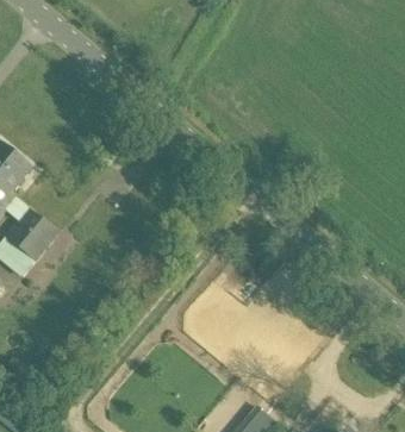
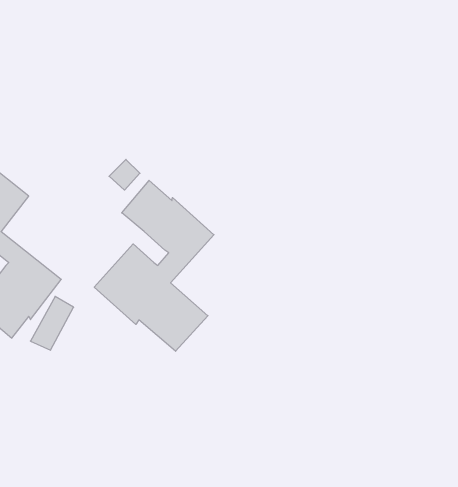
building: none -> [94,180,214,351]

